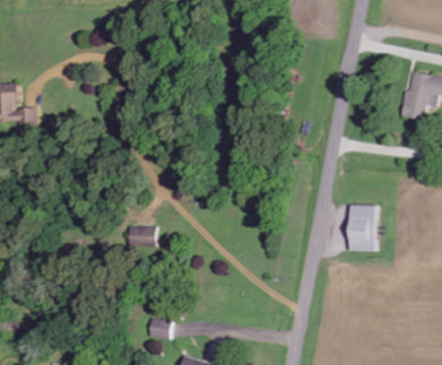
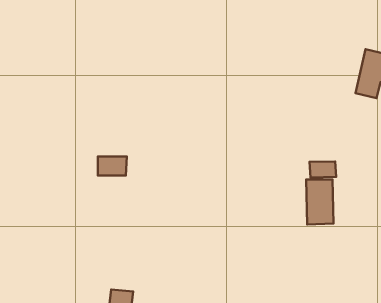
building: none -> [309,161,336,177]
building: [127,227,157,247] -> [98,156,127,175]

